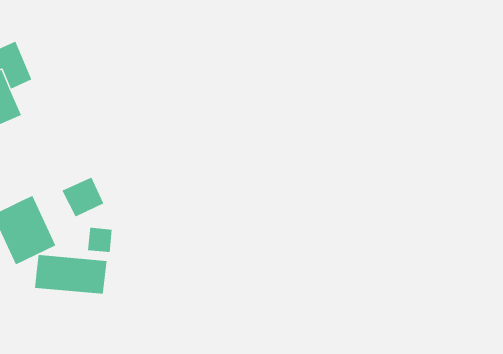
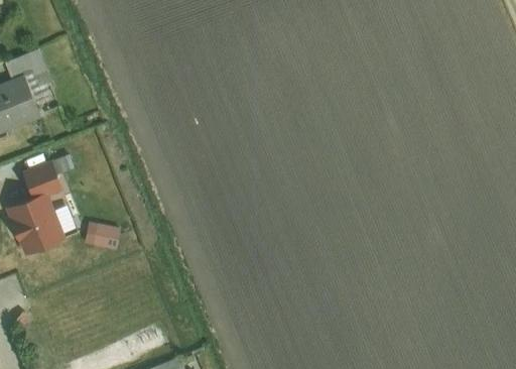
building: [62,177,104,217] -> [22,162,60,199]
building: [34,254,107,295] -> none

